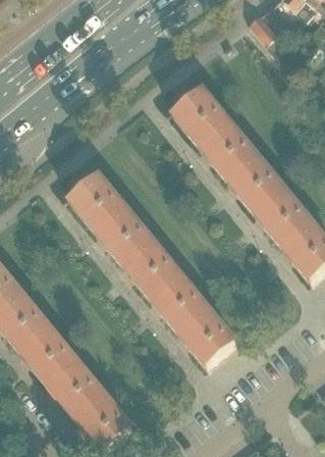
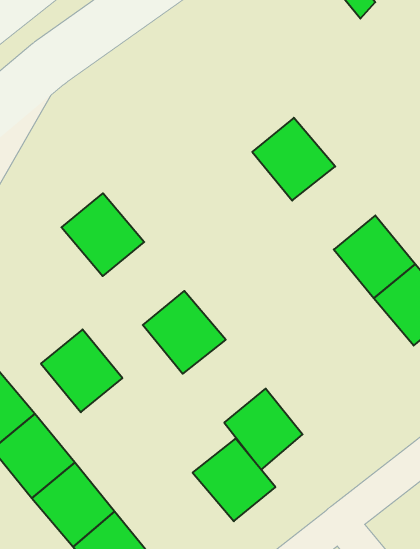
building: [172,91,228,148] -> none
building: [227,158,284,215] -> none
building: [97,210,153,267] -> [41,329,122,412]
building: [152,277,209,335] -> [193,438,275,521]

